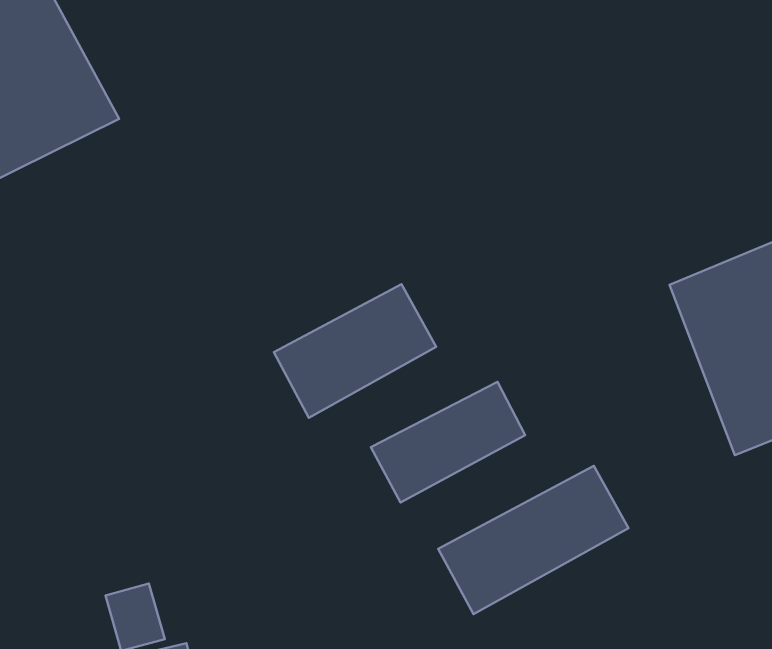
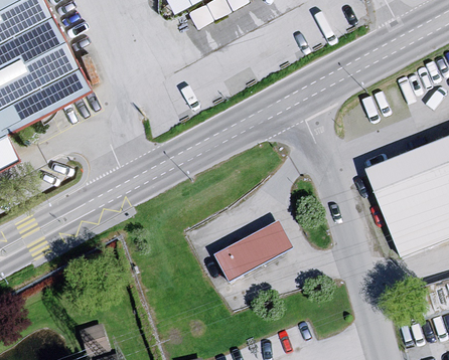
building: [274,284,436,418] -> none
building: [438,466,628,614] -> none

